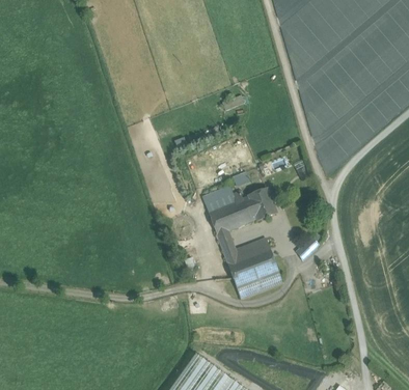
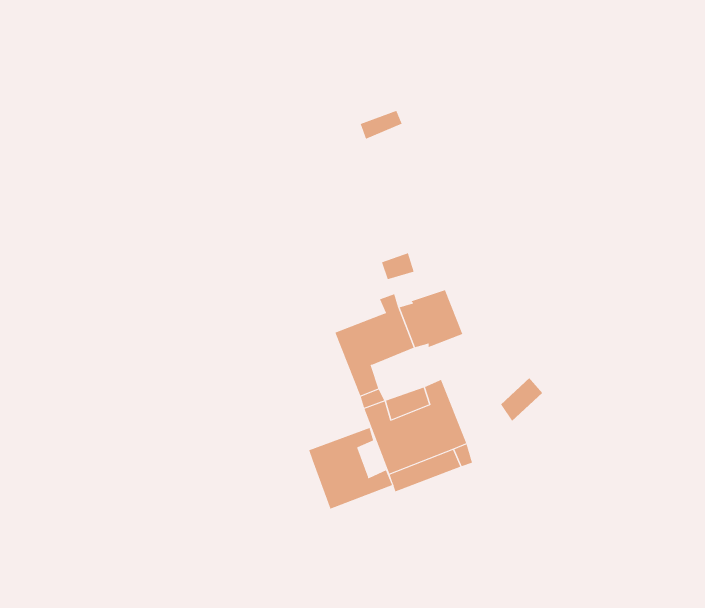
building: [201,184,235,211] -> none
building: none -> [309,427,393,509]

